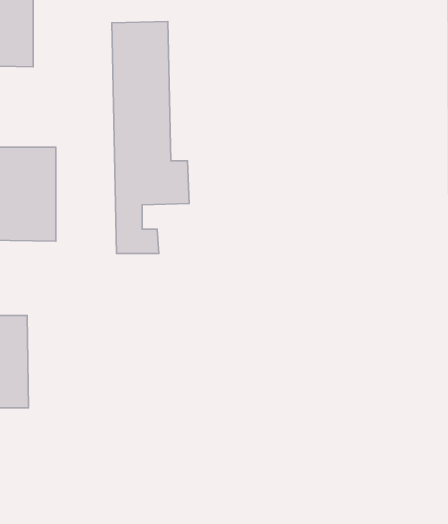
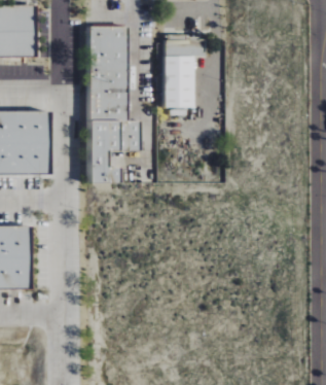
building: none -> [167,36,205,108]

